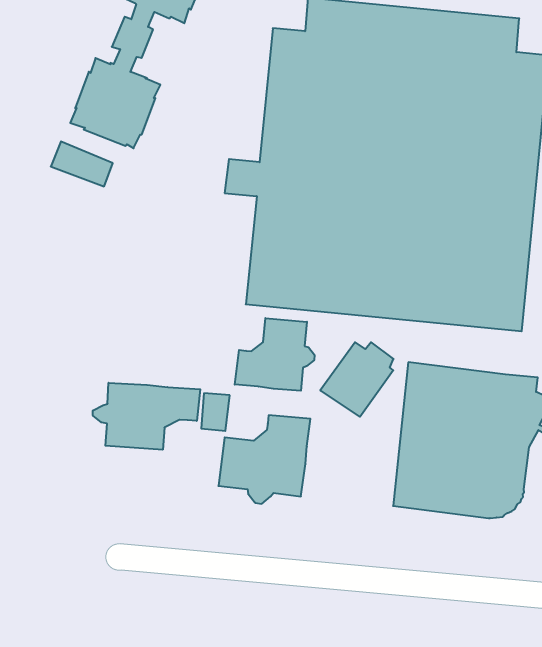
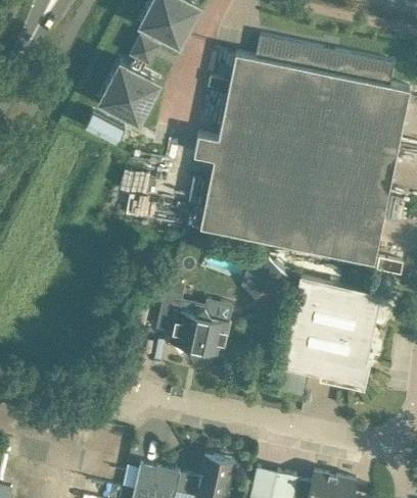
building: [235,318,314,391] -> none
building: [93,383,200,450] -> none

